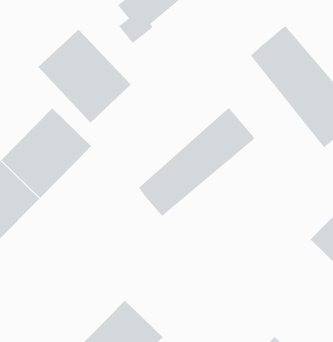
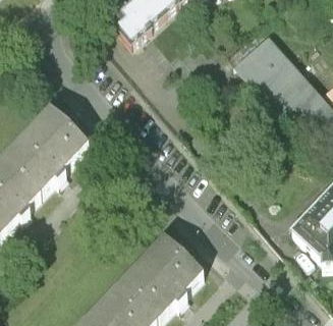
building: [38,29,131,123] -> none
building: [138,107,255,217] -> none
building: none -> [118,236,201,319]

